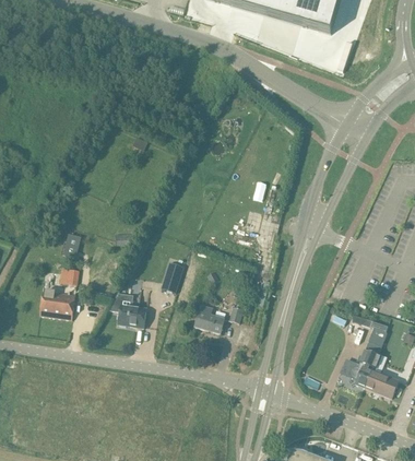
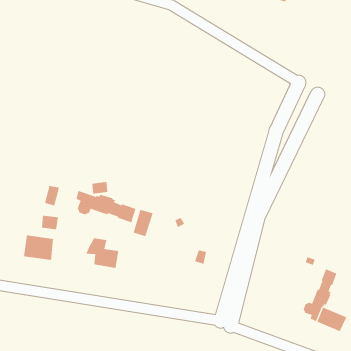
building: none -> [76,190,136,223]
building: [194,303,224,331] -> none

